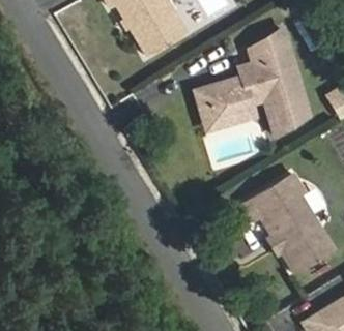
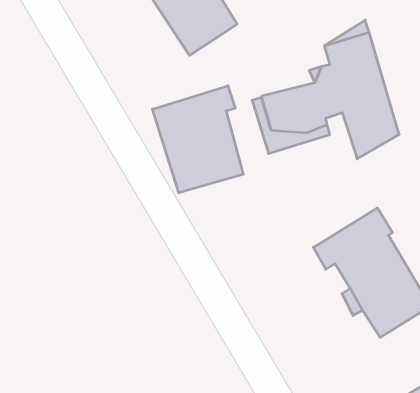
building: none -> [152,86,243,193]

